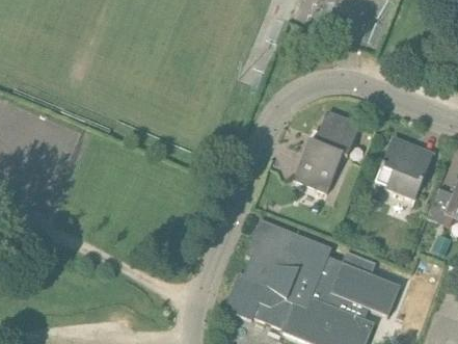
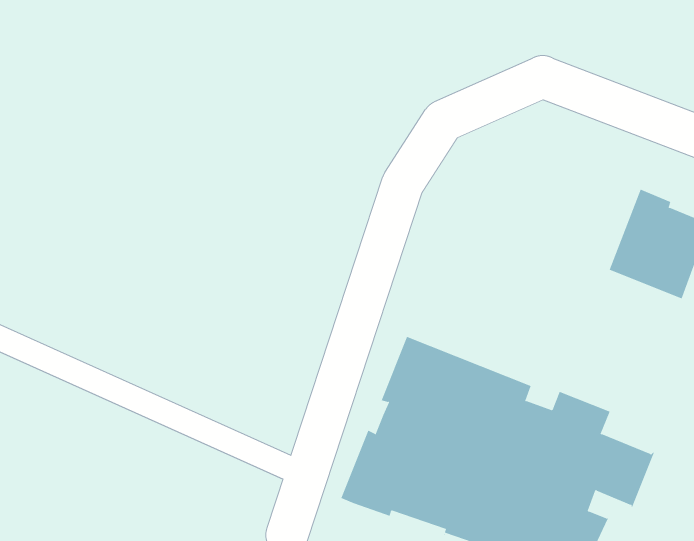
building: [294,110,360,192] -> none

